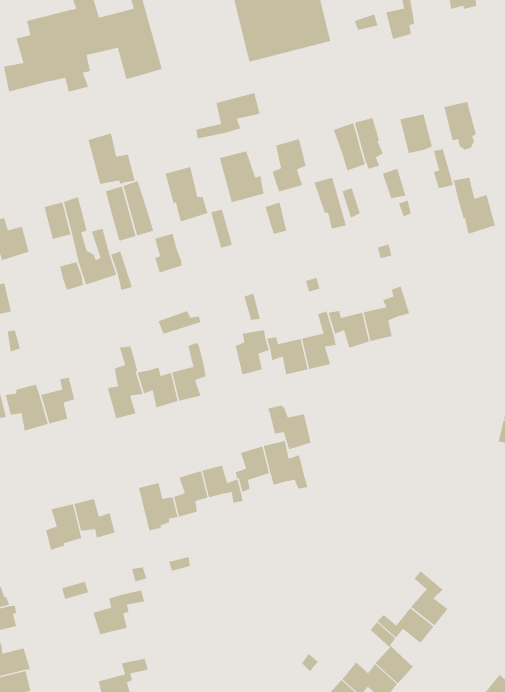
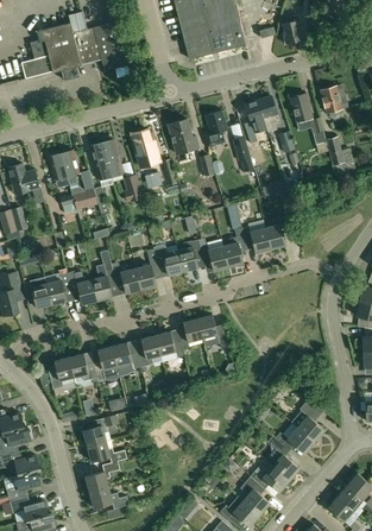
building: [196,92,261,140] -> none
building: [88,133,136,185] -> none
building: none -> [67,271,97,304]
building: [268,405,311,450] -> [153,245,183,276]
building: none -> [94,347,120,380]
building: none -> [87,442,127,463]

